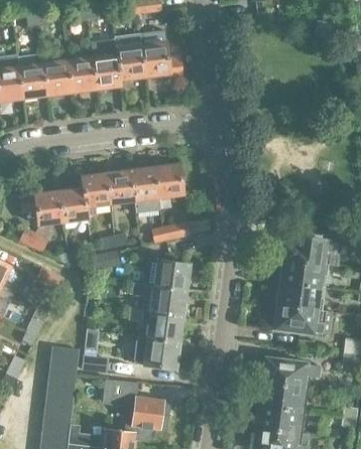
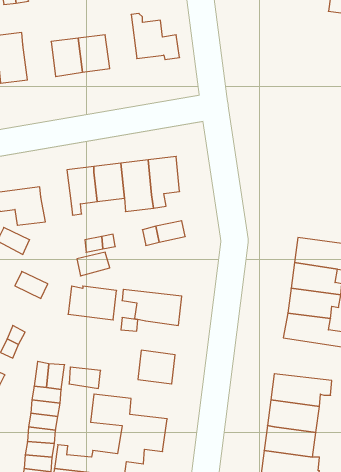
building: [114,33,144,86] -> none
building: [42,61,72,96] -> none
building: [57,176,87,222] -> none
building: [145,259,189,289] -> [68,286,117,320]
building: [148,311,182,341] -> none

